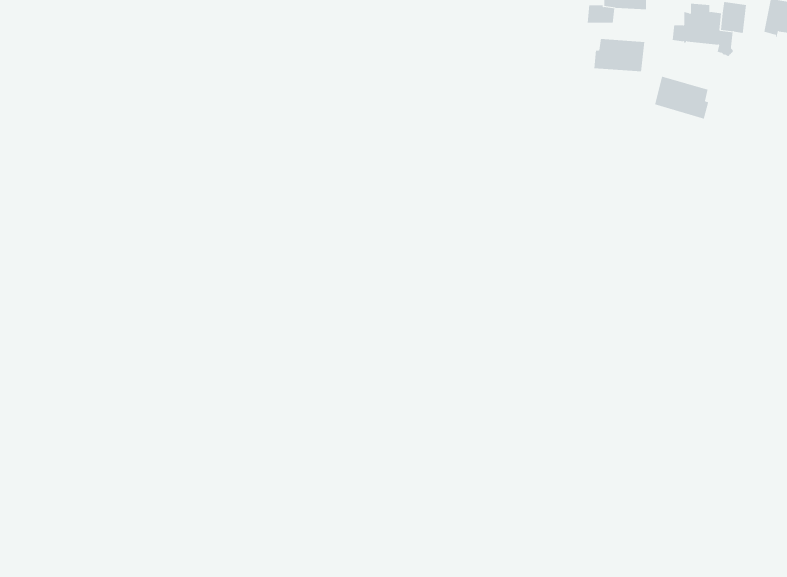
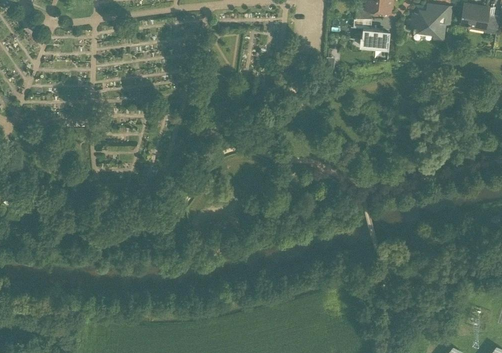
building: [655,76,709,120] -> none

